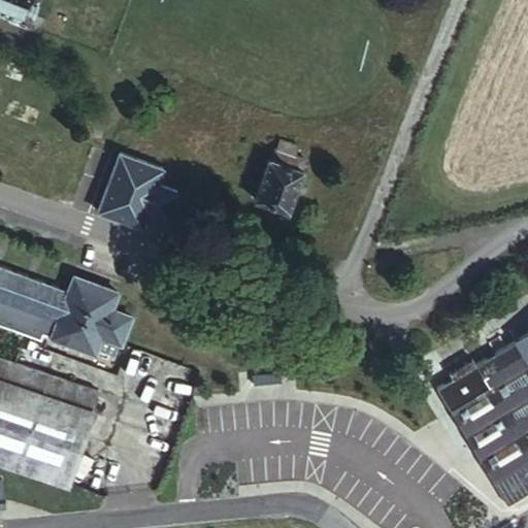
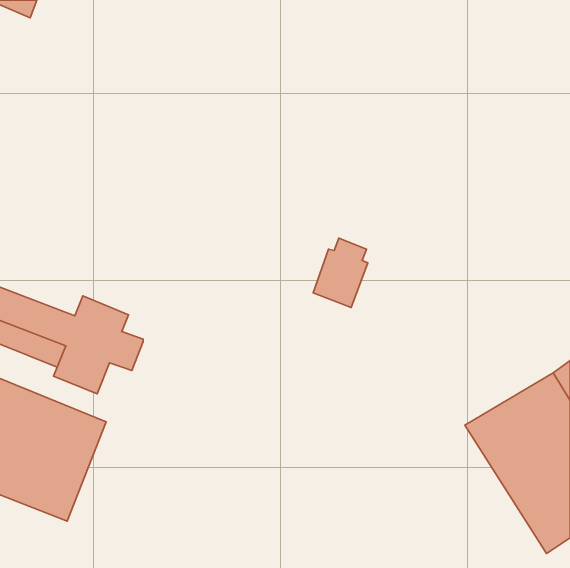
building: [260,147,310,211] -> [313,238,368,307]
building: [100,154,178,227] -> none

